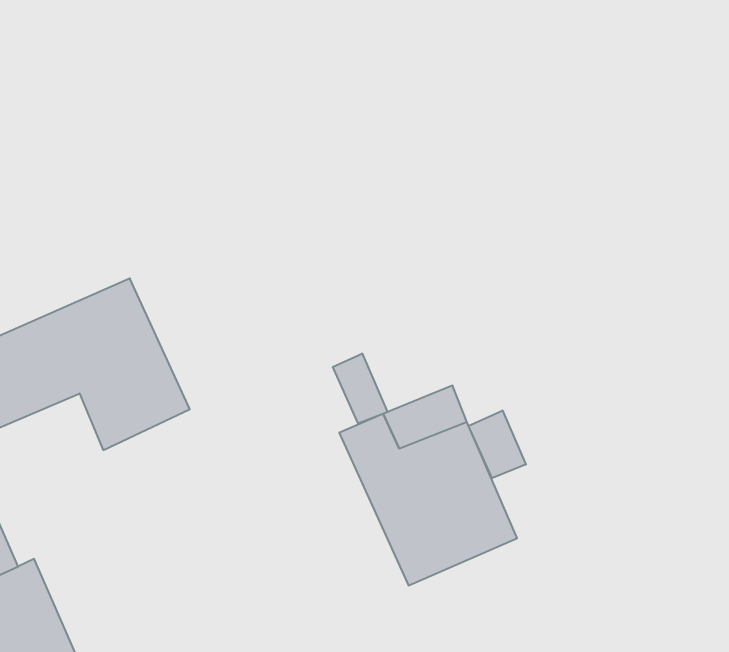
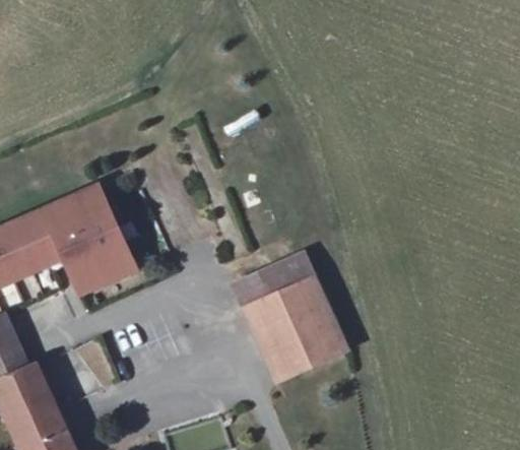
building: [333,353,388,423] -> none
building: [468,410,526,478] -> none

